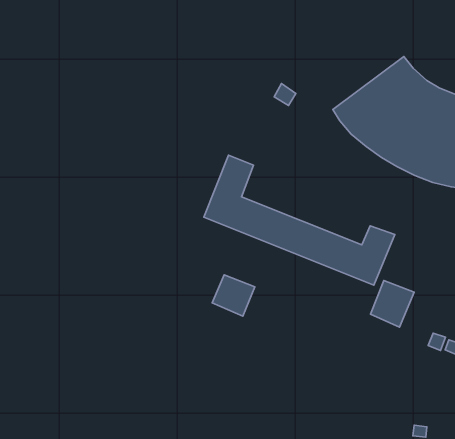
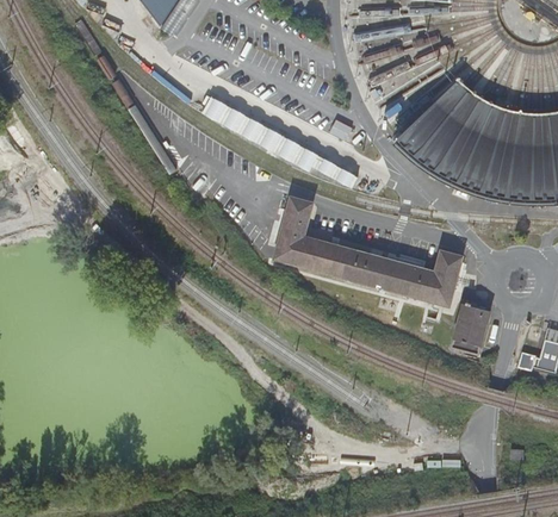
building: none -> [203,96,361,189]
building: [212,275,255,316] -> none

